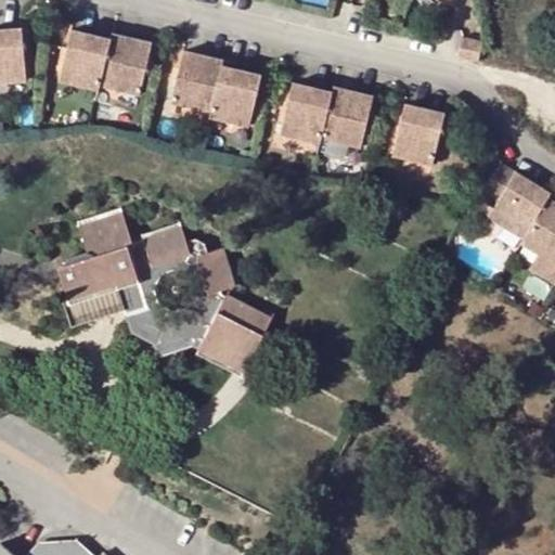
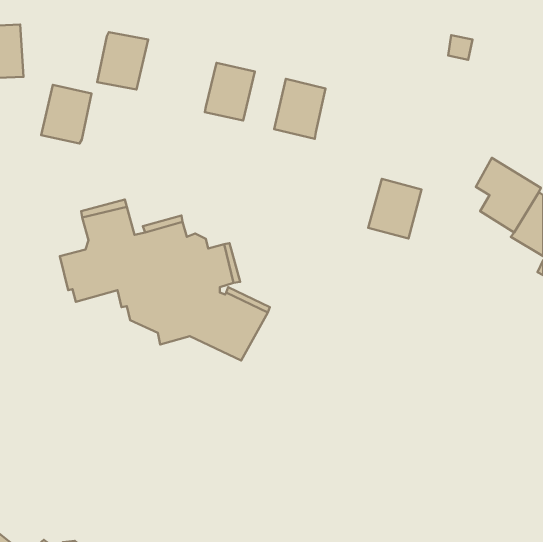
building: [57,31,108,91] -> [41,85,91,144]
building: [170,52,222,112] -> none
building: [321,88,372,147] -> none
building: [389,105,443,166] -> [368,179,421,239]

